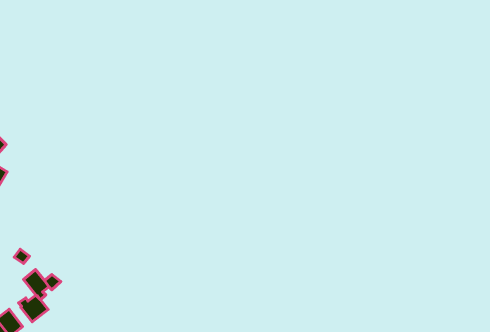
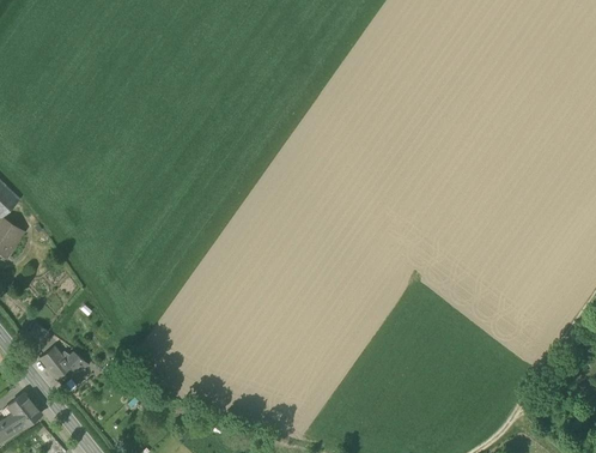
building: [18,295,48,322] -> none

